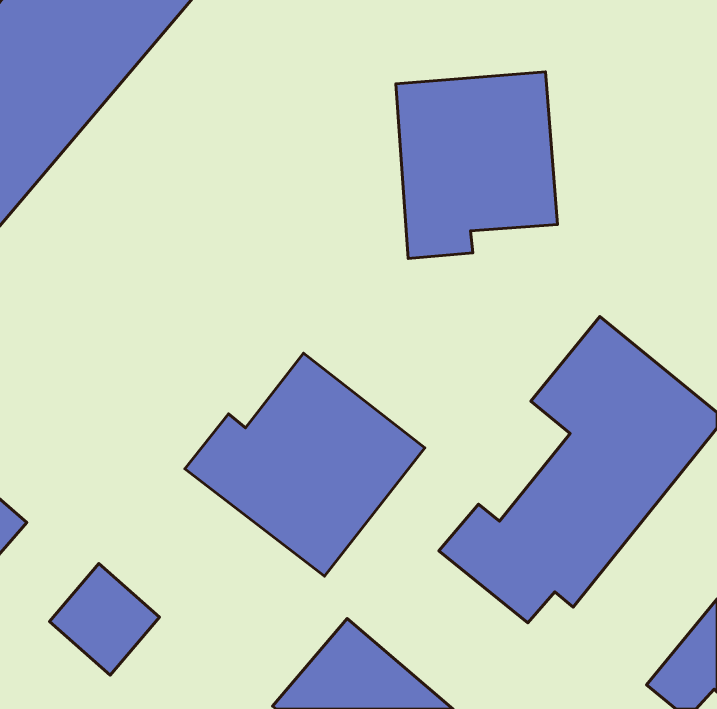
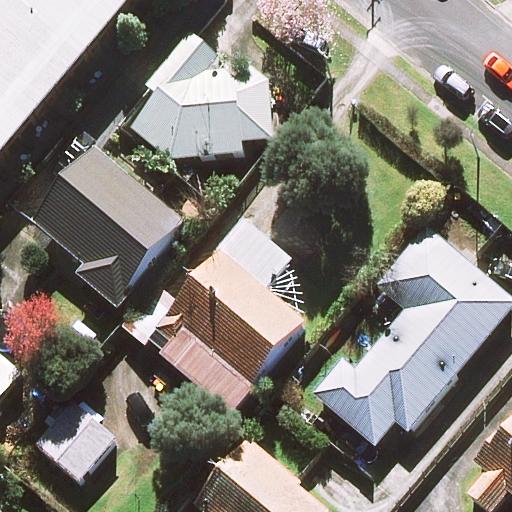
building: [396,72,557,258] -> none
building: none -> [130,71,272,156]
building: none -> [29,145,181,302]

